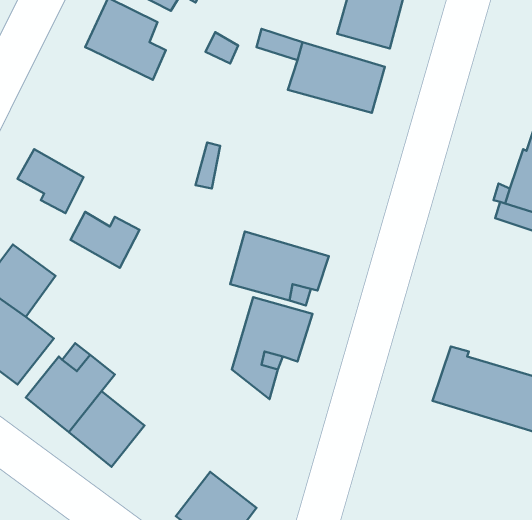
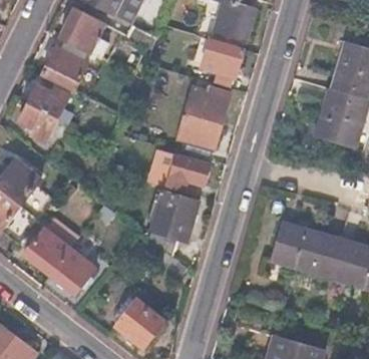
building: none -> [42,40,86,89]
building: none -> [174,87,228,148]
building: [70,212,140,268] -> [28,83,70,117]

